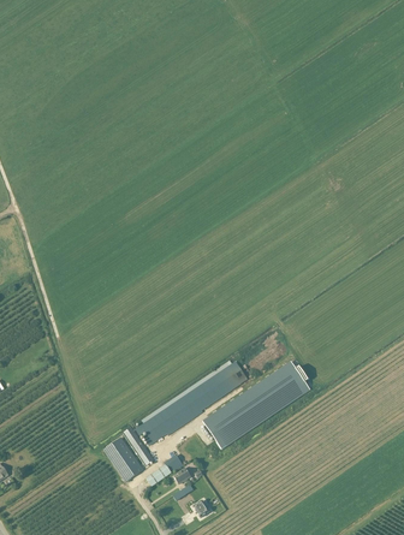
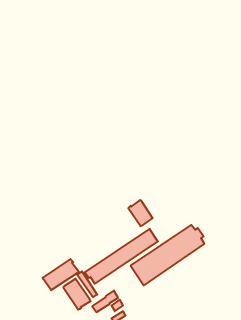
building: none -> [128,200,153,226]
building: none -> [43,259,79,290]

